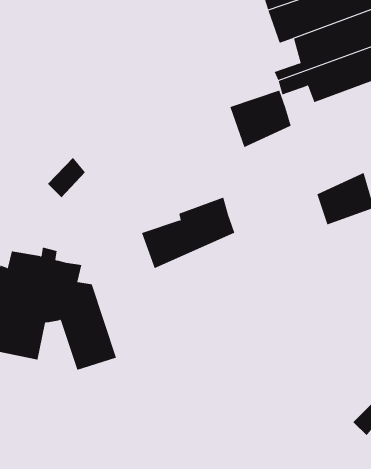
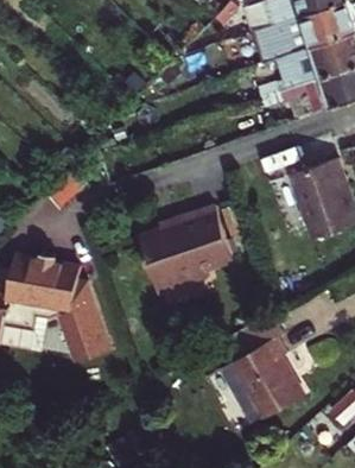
building: [230,90,291,148] -> [285,147,342,201]
building: none -> [148,236,229,290]
building: none -> [218,311,306,423]

